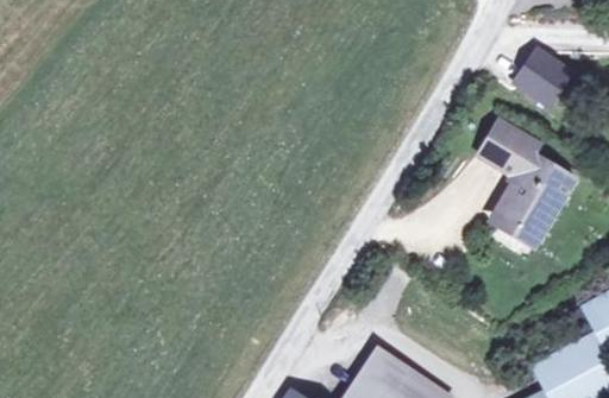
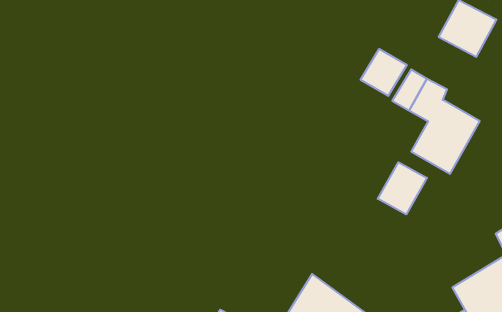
building: none -> [361,49,407,96]
building: none -> [378,162,427,214]

